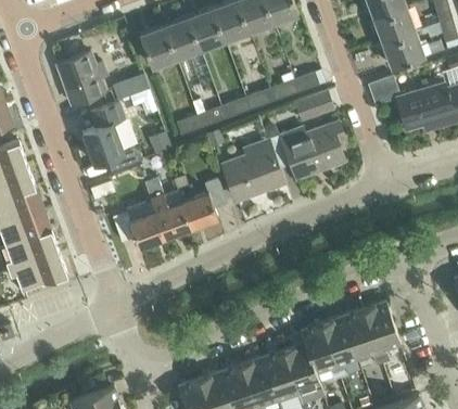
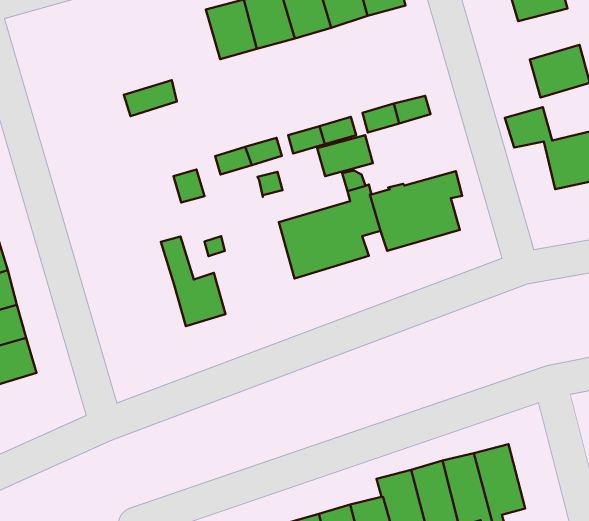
building: [373,8,416,43] -> none
building: [139,25,176,67] -> none
building: [58,52,107,103] -> none
building: [295,91,333,120] -> [317,135,373,176]
building: [82,103,143,171] -> none
building: [181,179,227,228] -> none
building: [112,209,165,247] -> none

